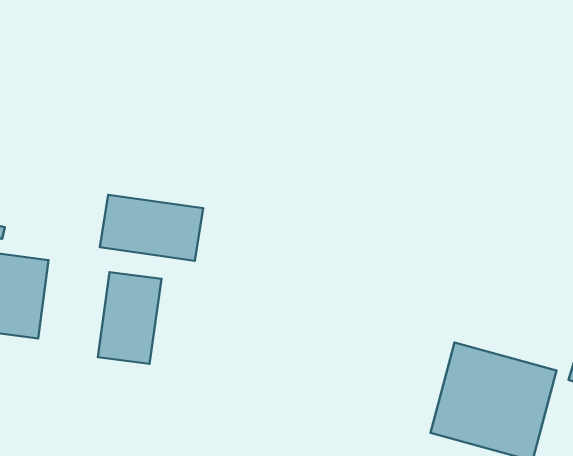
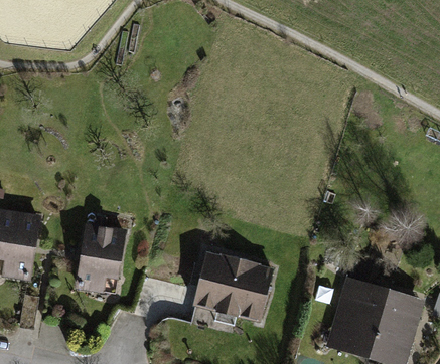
building: [100,195,203,261] -> none
building: none -> [193,252,273,320]

